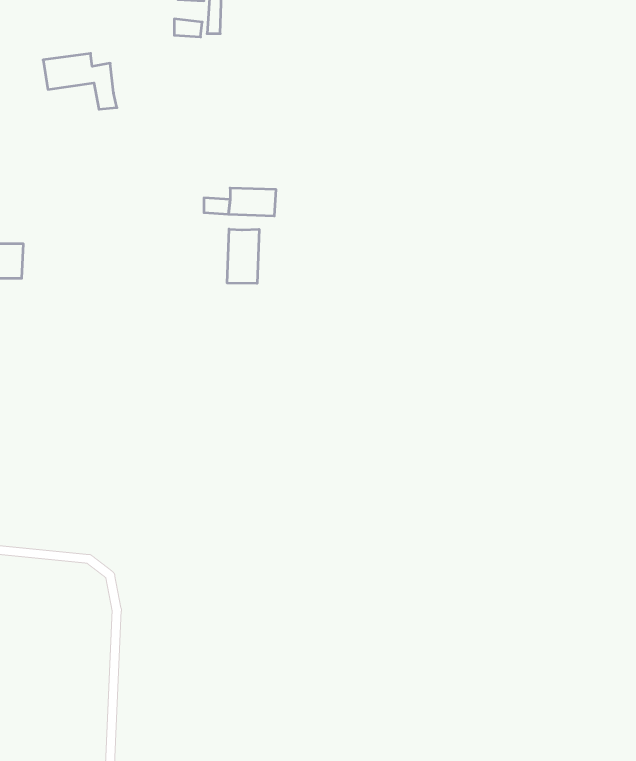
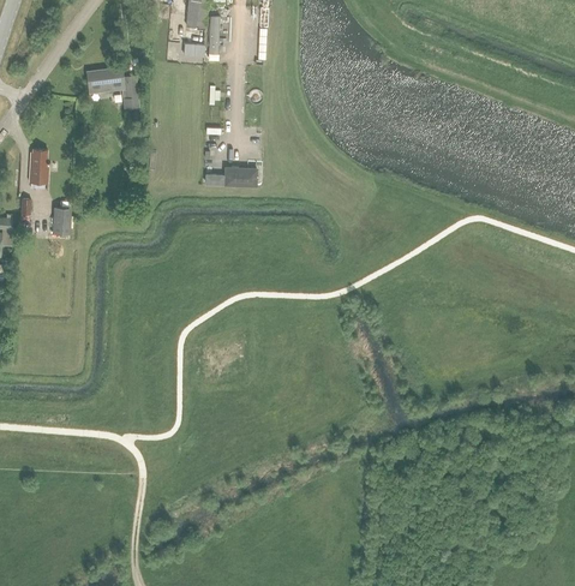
building: [227,229,259,283] -> none

